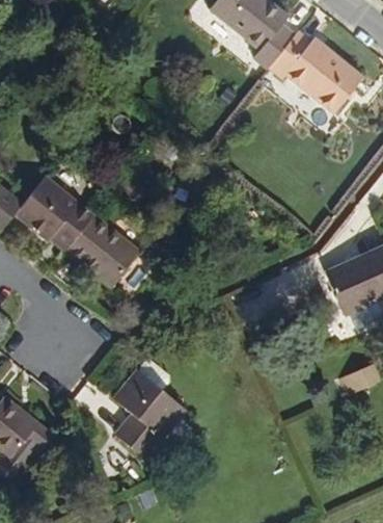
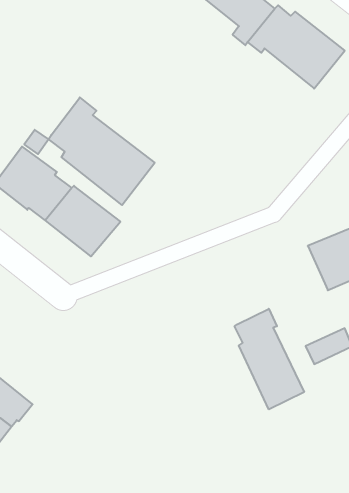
building: none -> [49,97,155,205]
building: none -> [235,309,304,409]
building: [113,358,186,453] -> none

